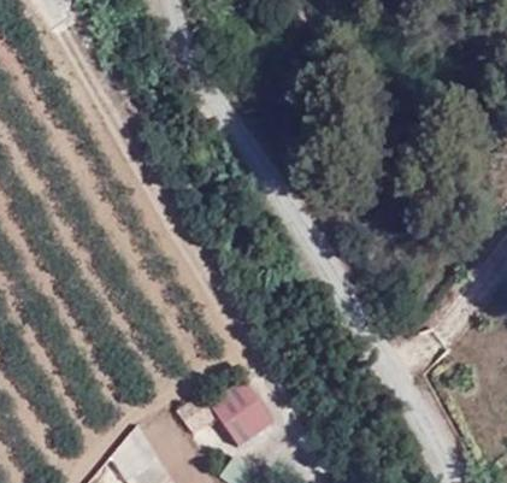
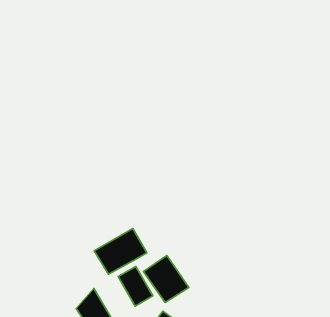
building: none -> [94,229,147,274]

